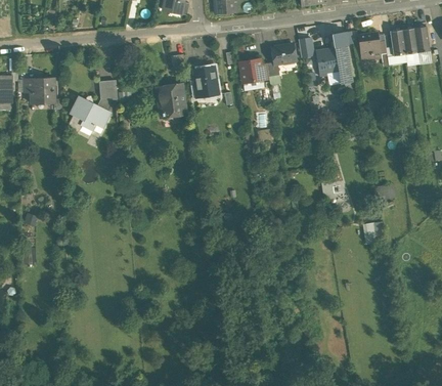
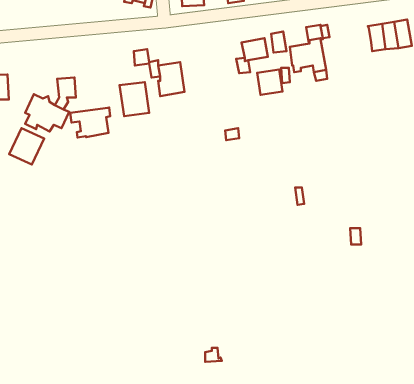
building: [358,33,381,57] -> none
building: [239,58,263,82] -> [257,70,283,95]
building: none -> [70,107,110,137]
building: none -> [9,128,44,165]

